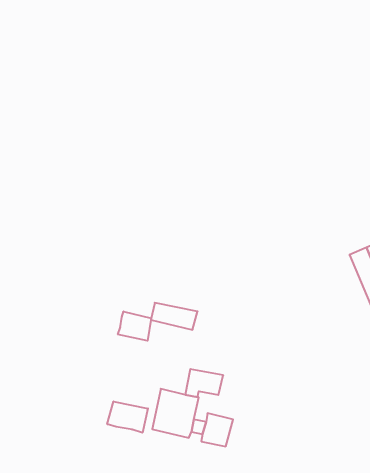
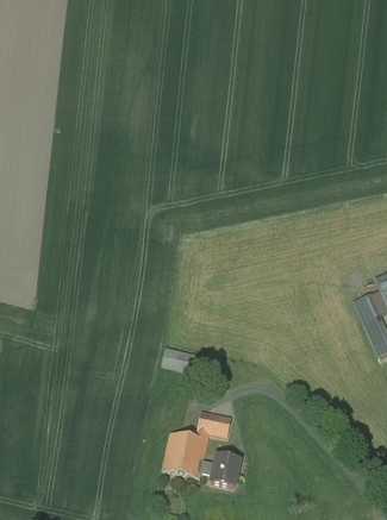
building: [118,311,151,341] -> none
building: [107,401,148,433] -> none

